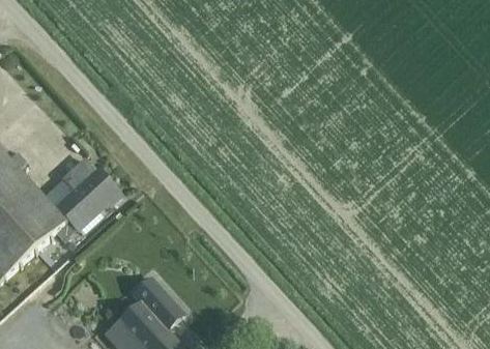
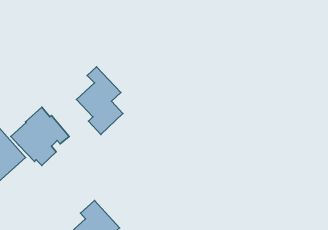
building: none -> [76,67,123,134]

